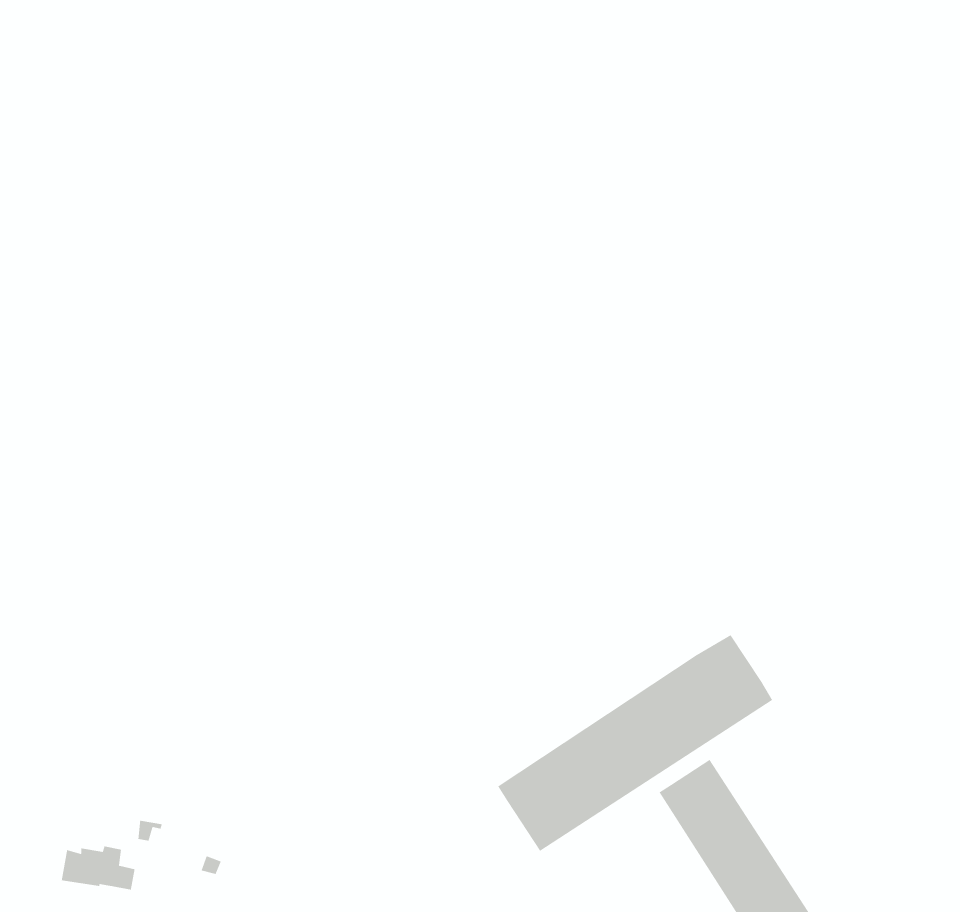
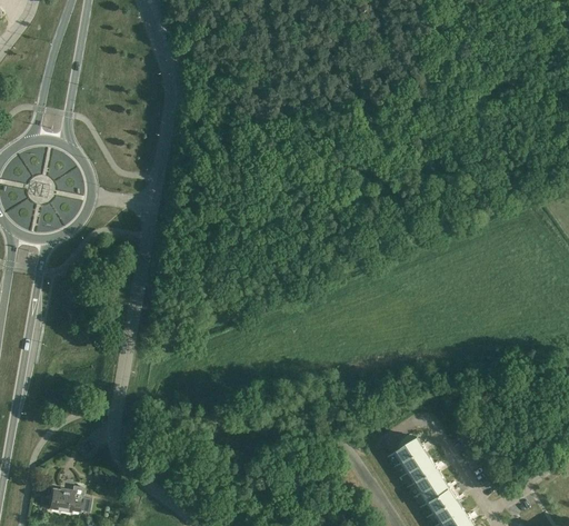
building: [497,634,773,852] -> none

